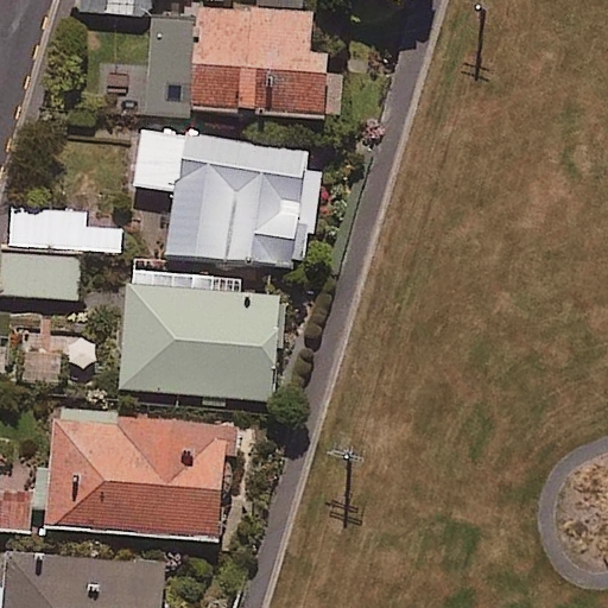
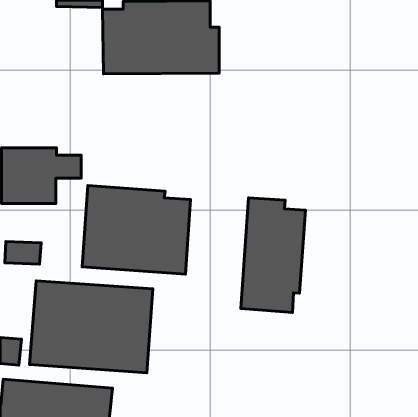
building: [134,127,321,270] -> none
building: none -> [241,198,305,312]

